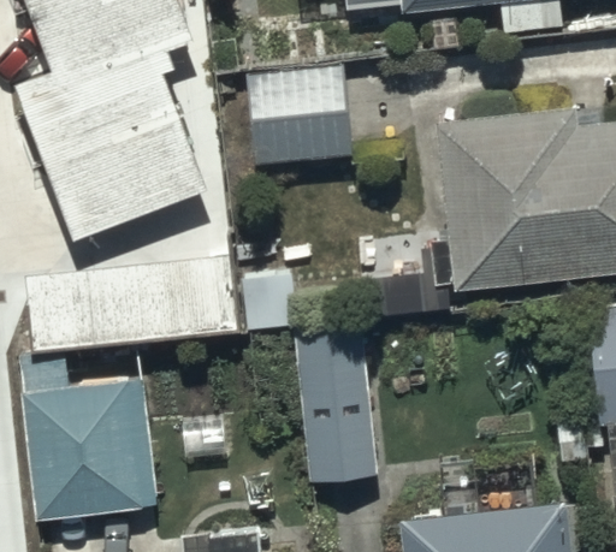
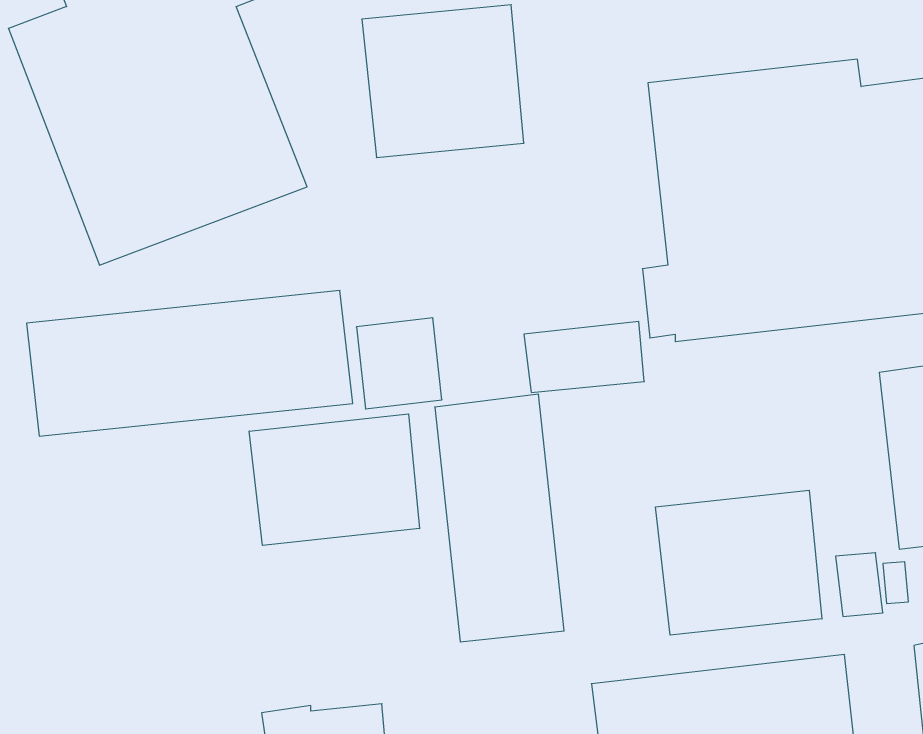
building: none -> [249,414,420,545]
building: [19,345,161,514] -> none
building: none -> [656,490,822,635]

